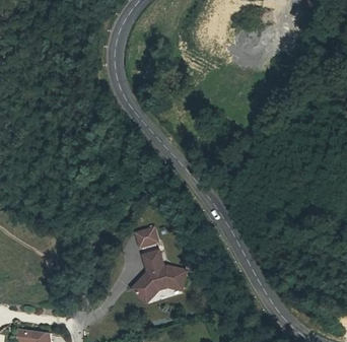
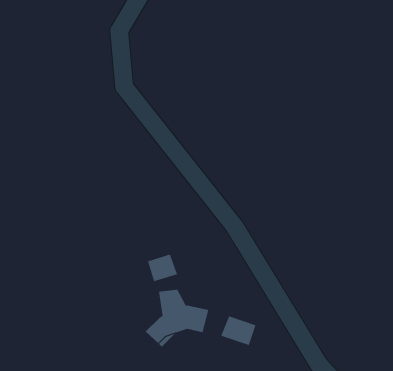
building: none -> [221,315,256,346]

